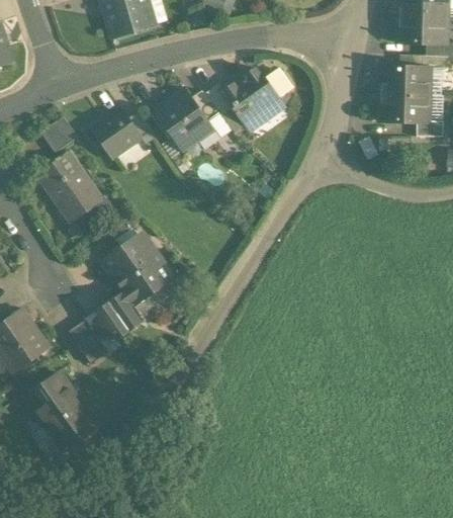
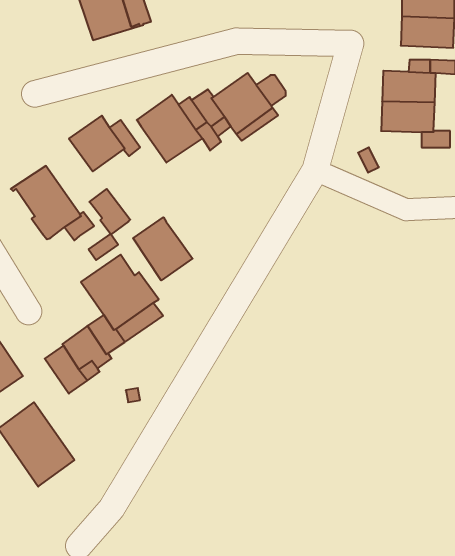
building: [42,117,79,153] -> none
building: none -> [89,189,130,234]
building: none -> [133,217,193,280]

